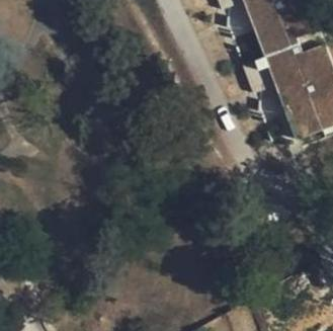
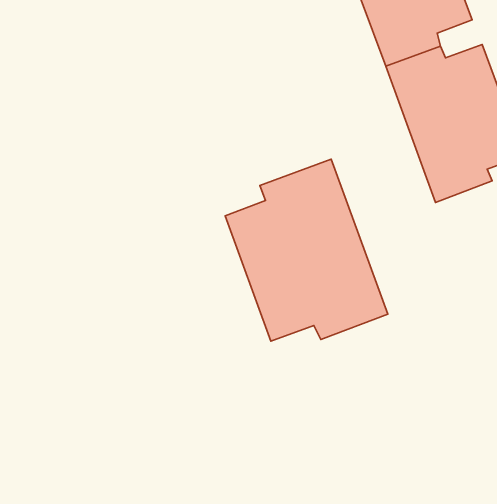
building: none -> [225,159,388,341]

